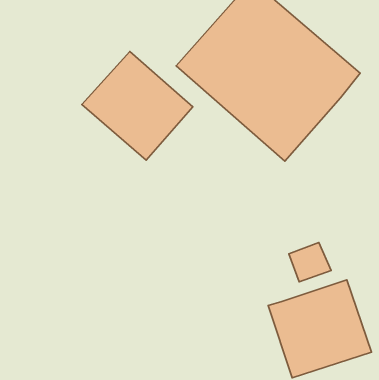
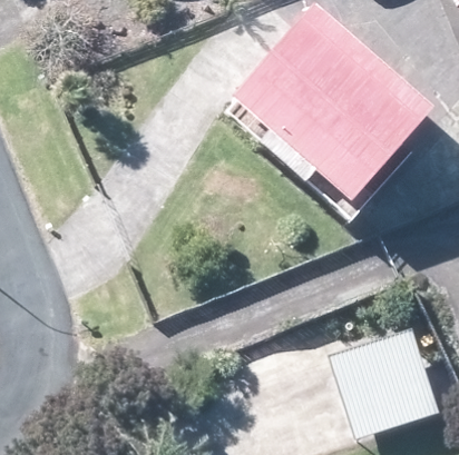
building: [82,51,193,160] -> none

